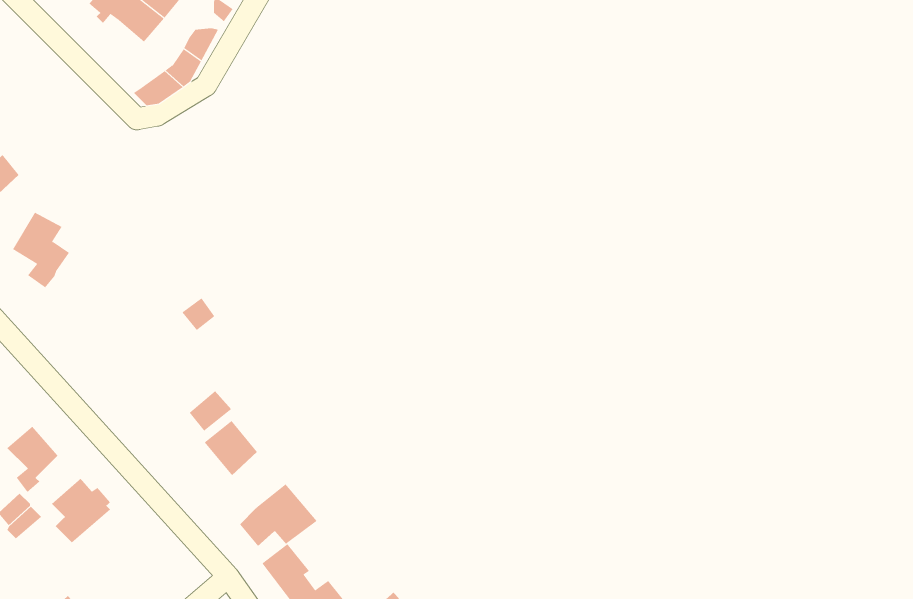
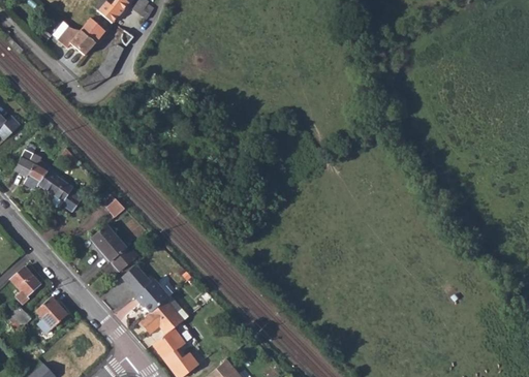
building: none -> [37,170,84,212]
building: none -> [90,225,126,260]
building: none -> [133,279,168,313]

